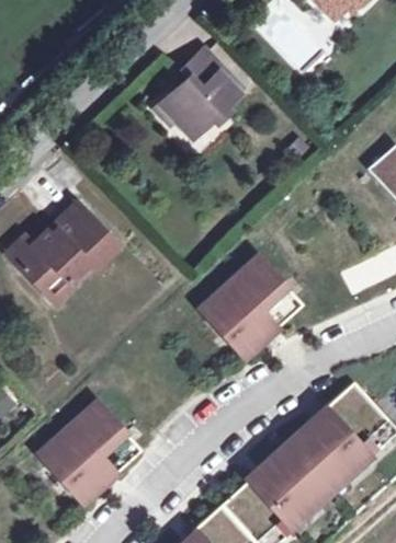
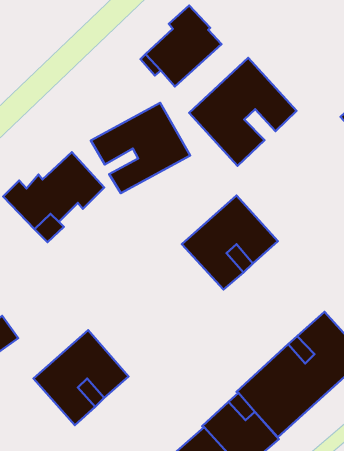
building: none -> [189,58,296,166]
building: none -> [91,103,190,193]

